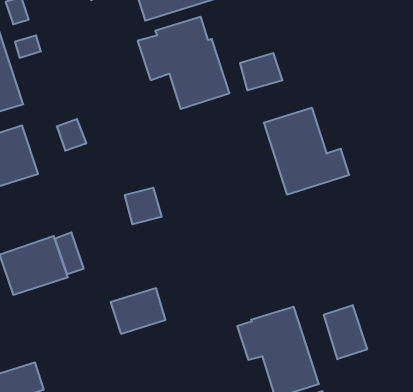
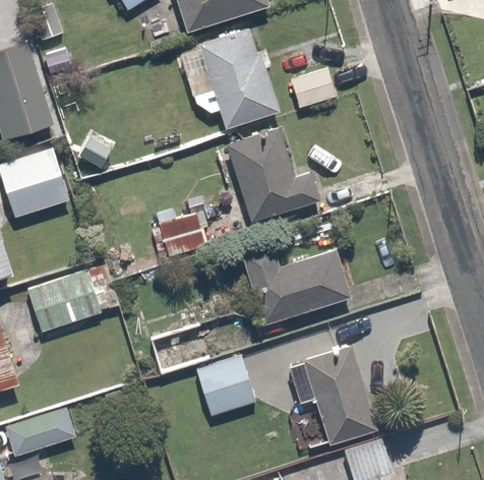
building: [264,108,349,194] -> [226,127,319,222]
building: none -> [241,243,352,325]
building: [324,305,367,359] -> none
building: none -> [195,355,257,416]

